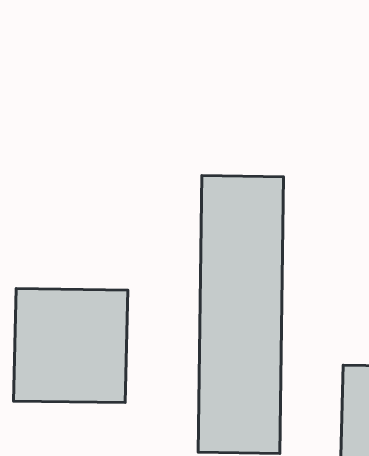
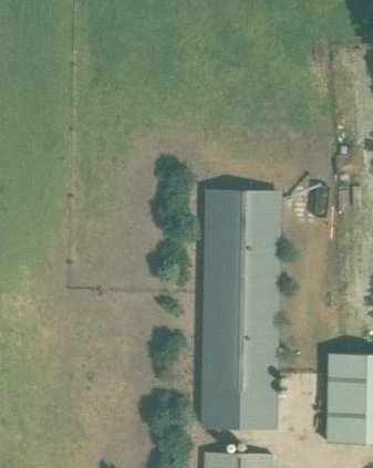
building: [13,289,128,403] -> none

